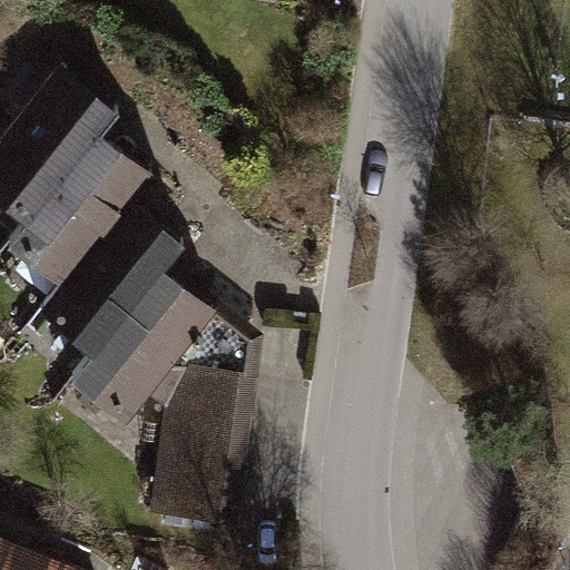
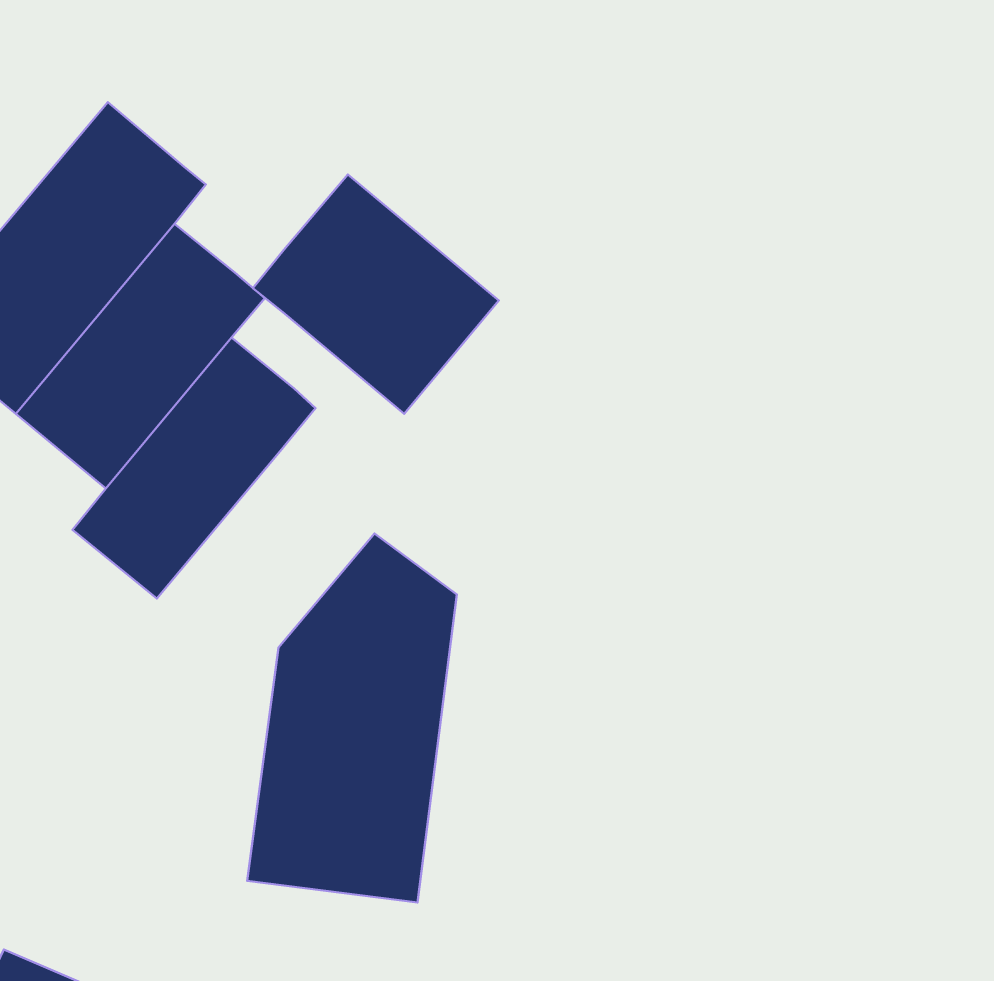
building: none -> [253,175,499,414]
building: [68,269,213,423] -> none

